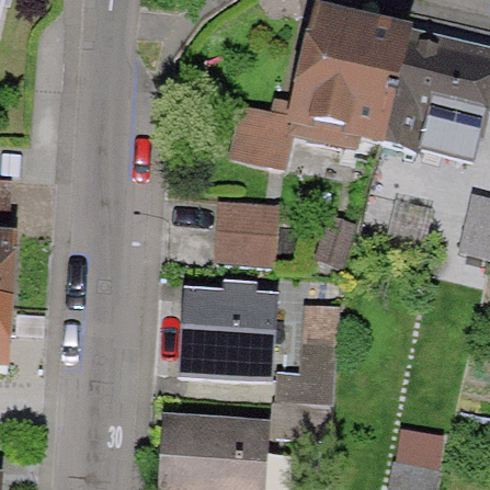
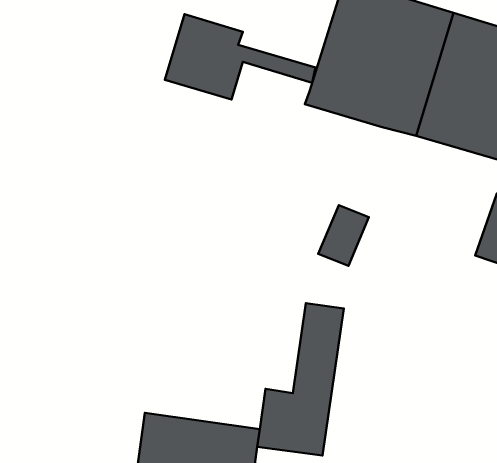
building: [223,96,360,171] -> [165,14,316,99]
building: [210,195,277,263] -> none
building: [176,288,278,384] -> none

